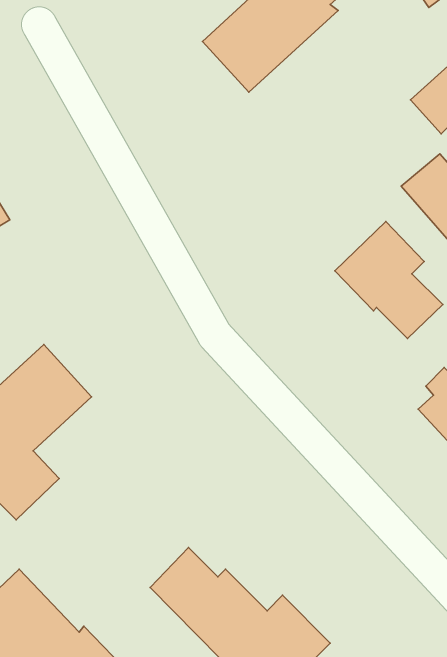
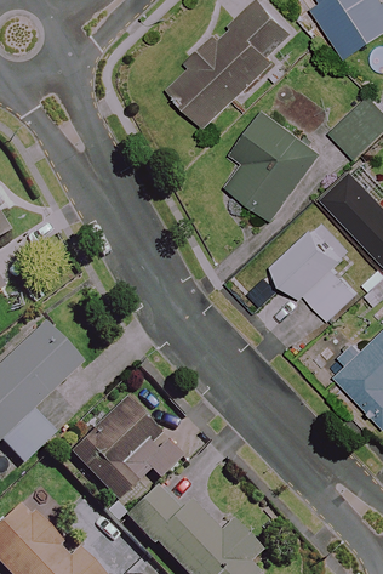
building: none -> [231,110,324,217]
building: none -> [70,392,187,500]

